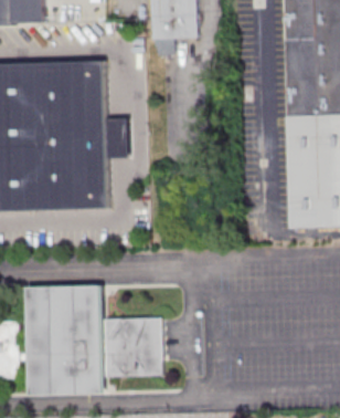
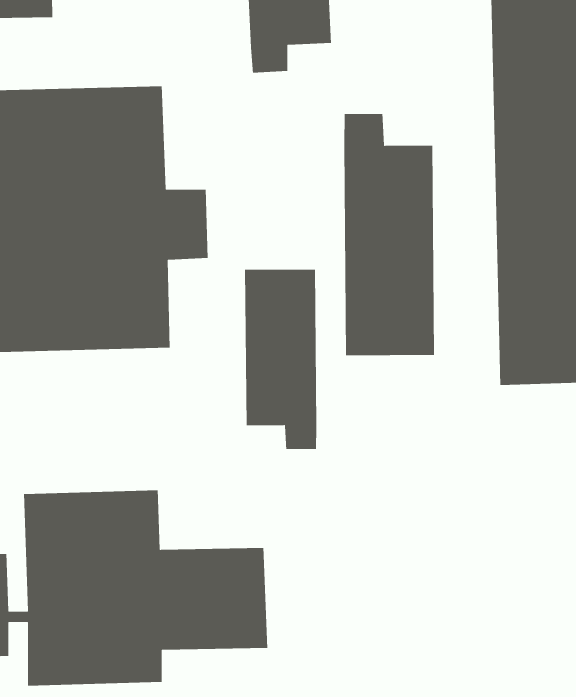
building: none -> [343,113,435,356]
building: none -> [244,269,317,450]

